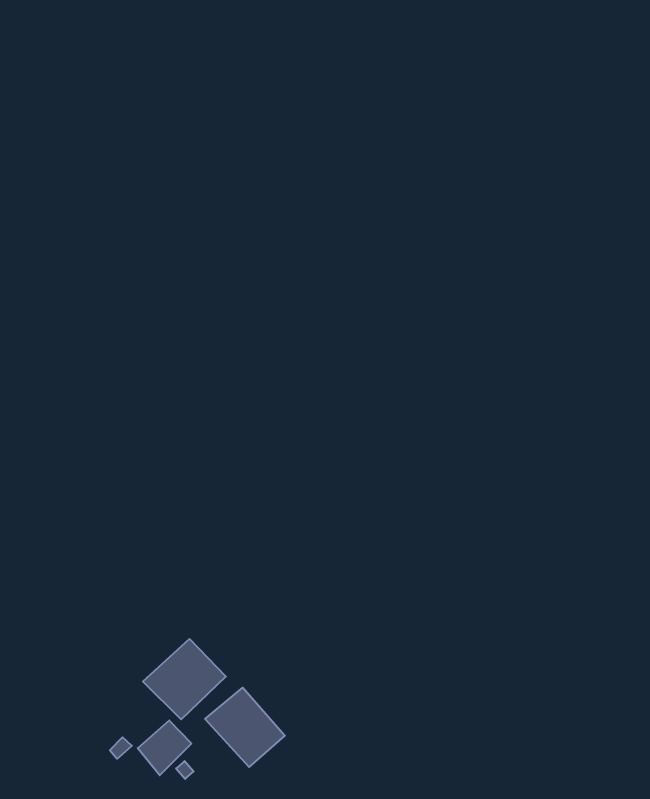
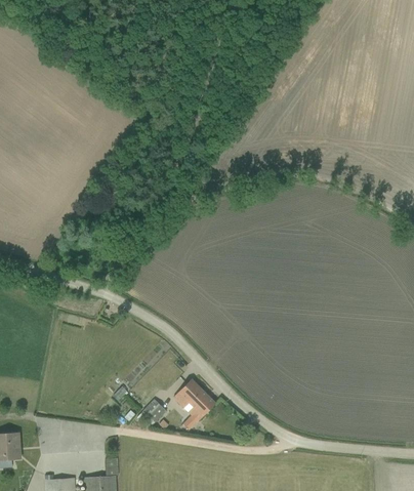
building: [143,639,226,719] -> none

